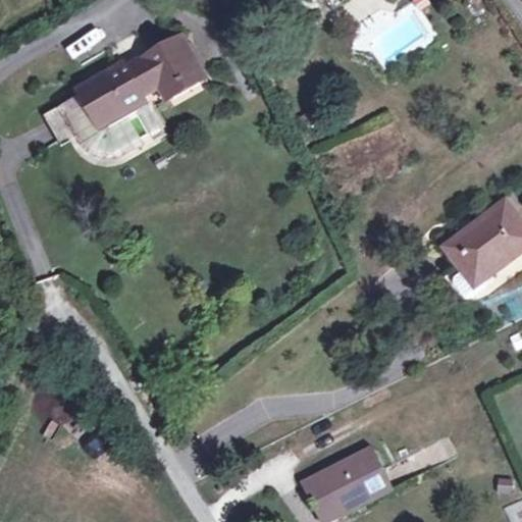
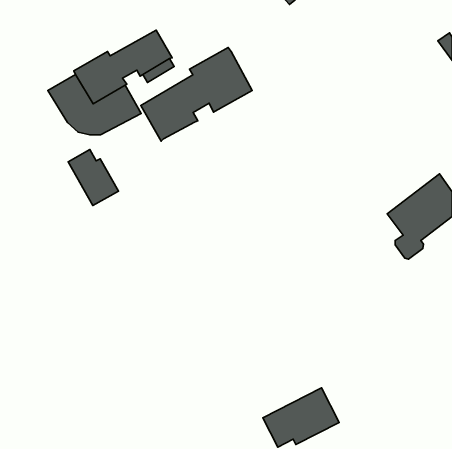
building: none -> [141,47,252,141]
building: none -> [68,150,118,206]

